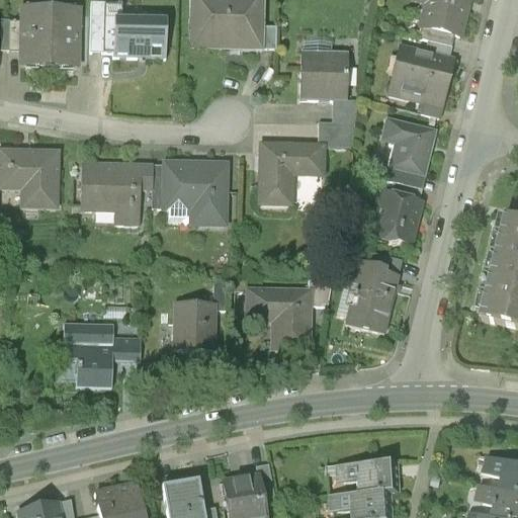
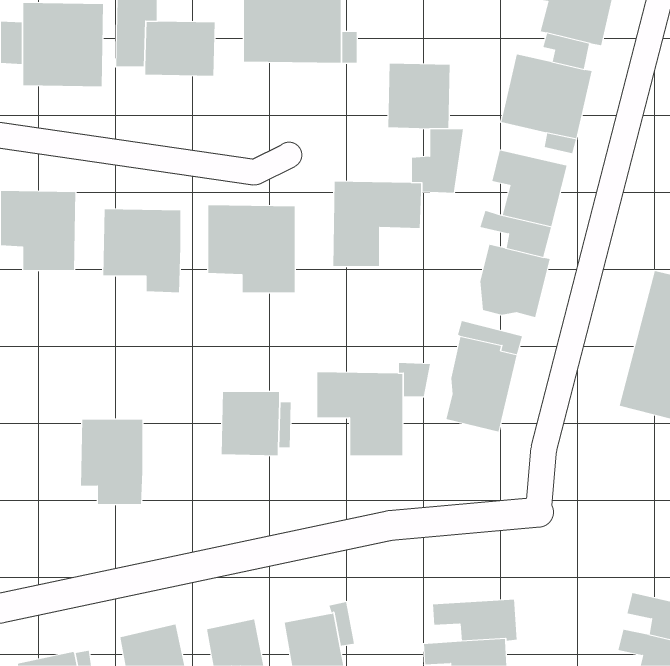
building: [141,163,161,209] -> none
building: [111,336,141,363] -> none

